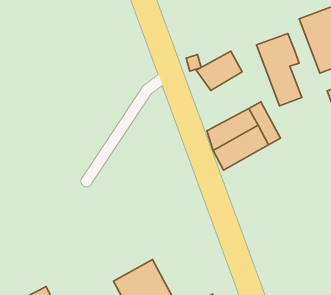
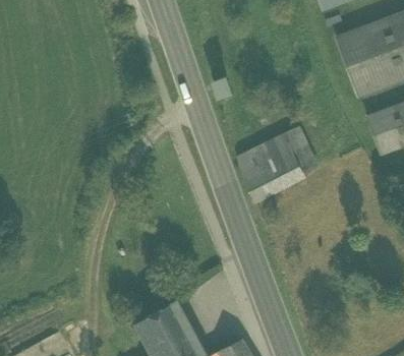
building: [256,34,302,106] -> none
building: [196,51,242,90] -> none

